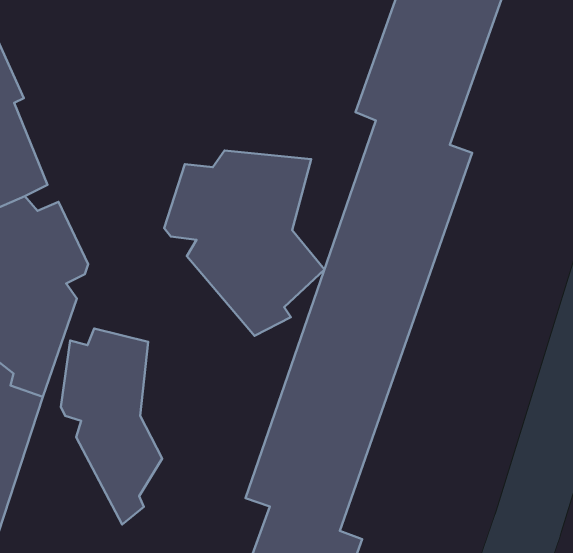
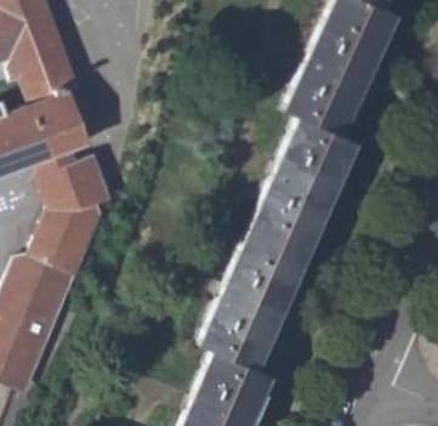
building: [164,151,324,336] -> none
building: [61,328,162,525] -> none

